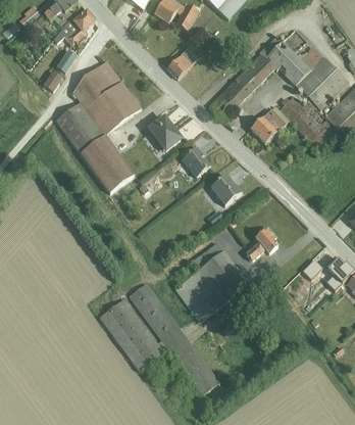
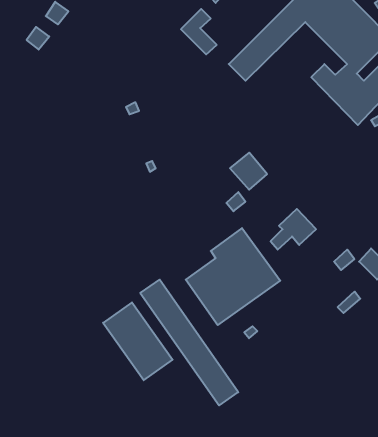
building: [54,61,142,197] -> none
building: [249,108,287,146] -> none
building: [148,116,184,153] -> none
building: [181,148,210,179] -> none

